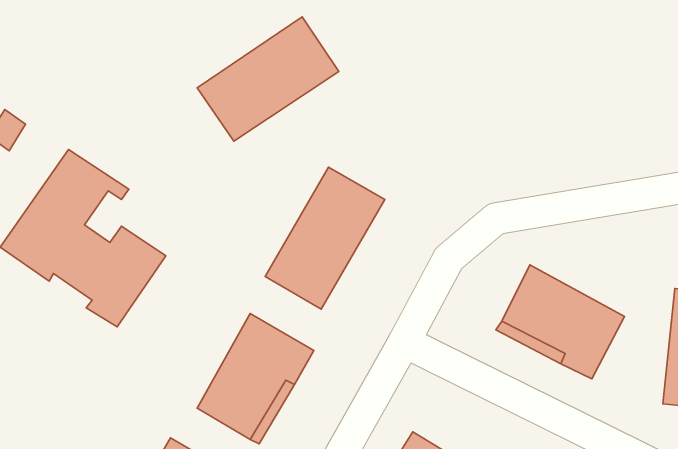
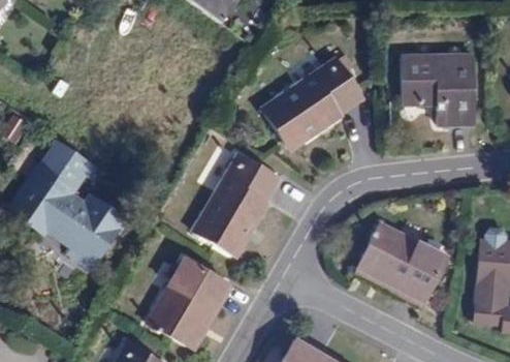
building: [197,17,339,141] -> [263,58,362,145]
building: none -> [402,55,474,123]

